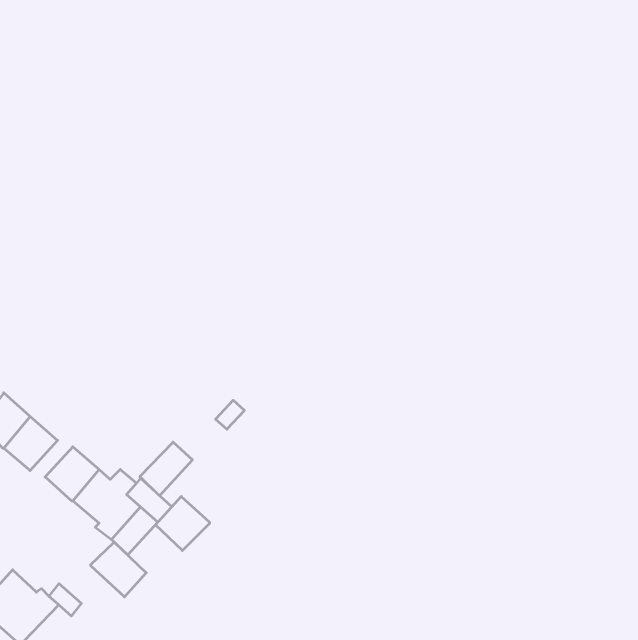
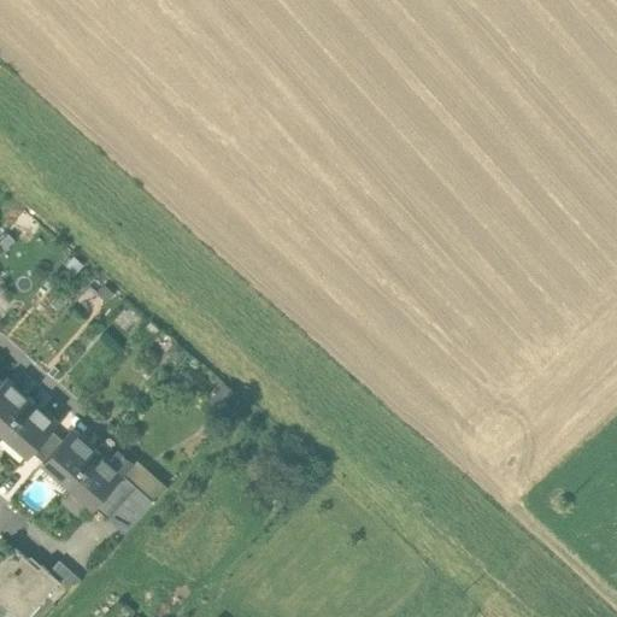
building: [140,442,192,496] -> none
building: [156,496,210,551] -> none
building: [91,542,146,597] -> none

